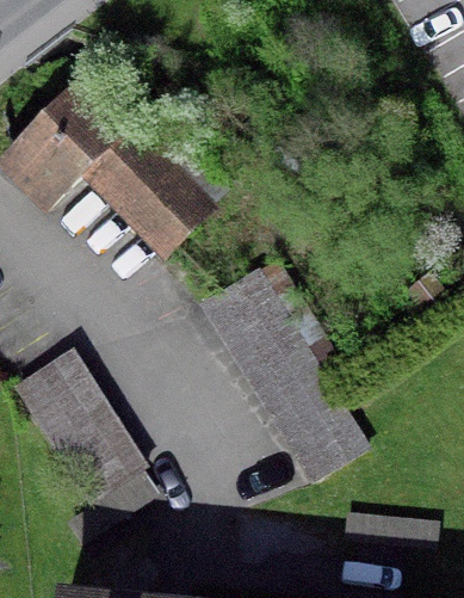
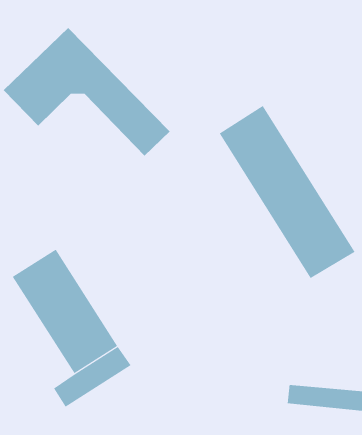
building: [204,271,366,477] -> [219,105,355,279]

